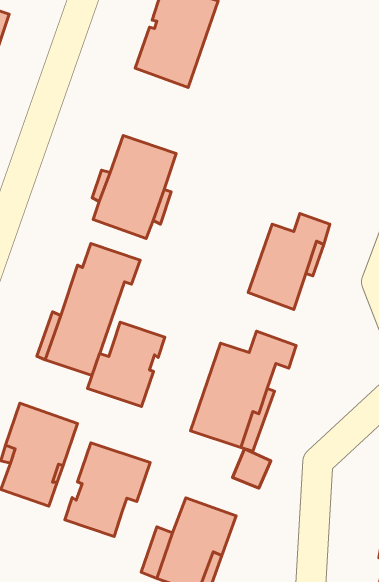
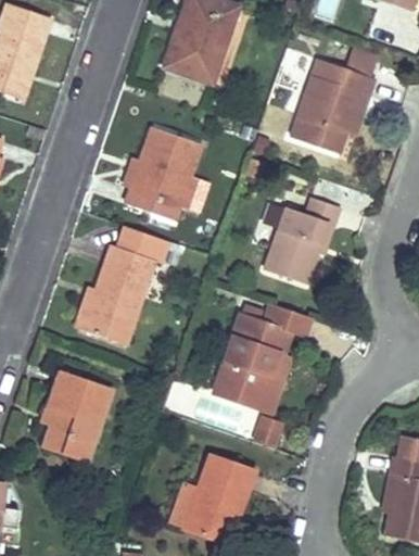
building: none -> [290,58,374,154]
building: [88,322,165,406] -> none
building: [65,443,150,536] -> none

